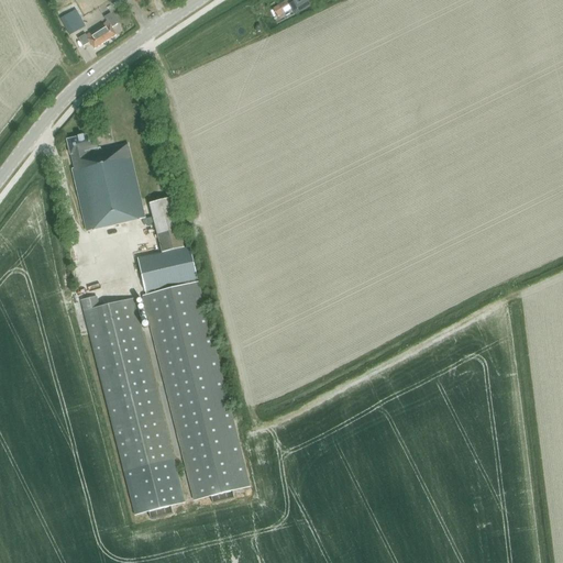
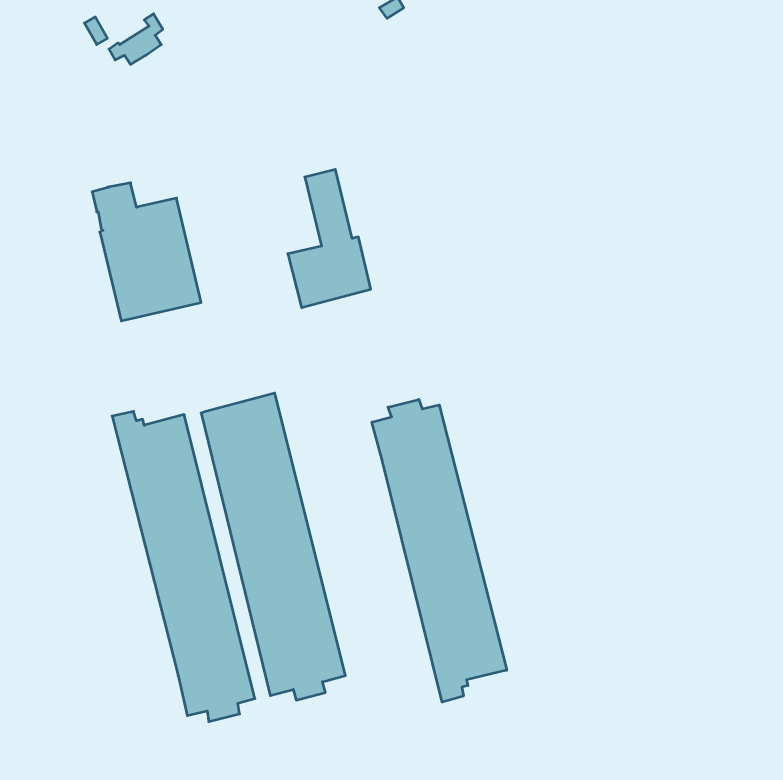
building: [137,196,197,295] -> [288,169,371,308]
building: none -> [372,399,507,702]

